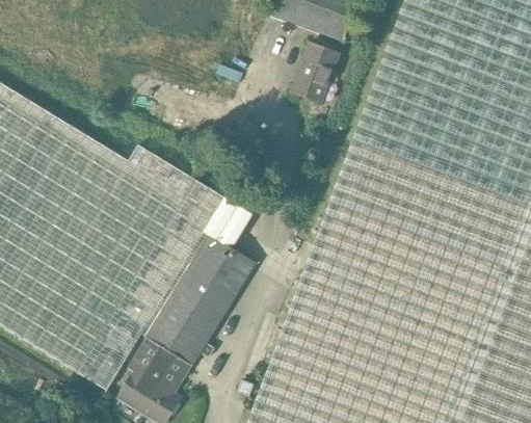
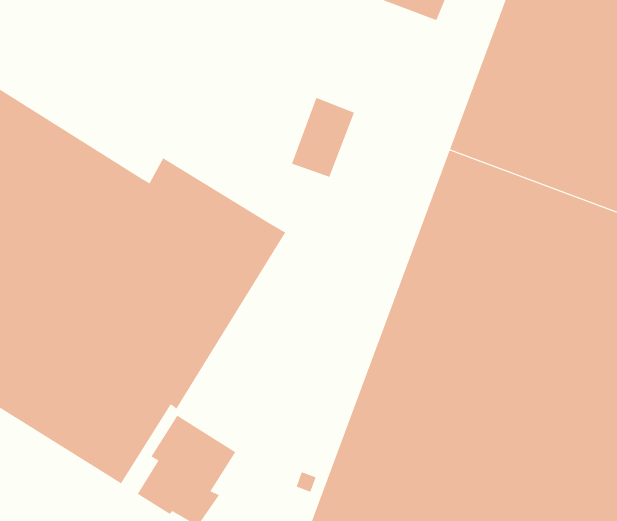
building: [292,42,340,102] -> [291,97,355,178]
building: [147,201,257,367] -> none

